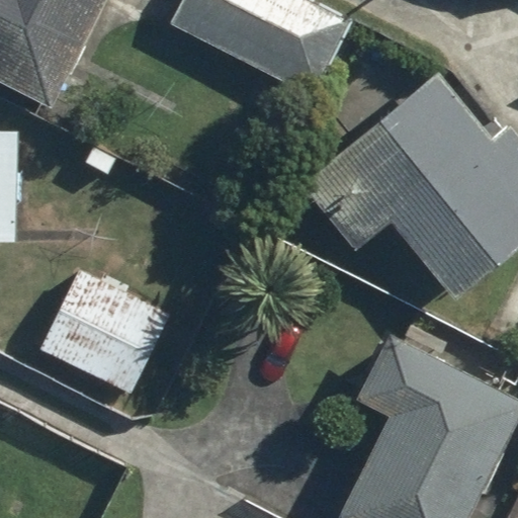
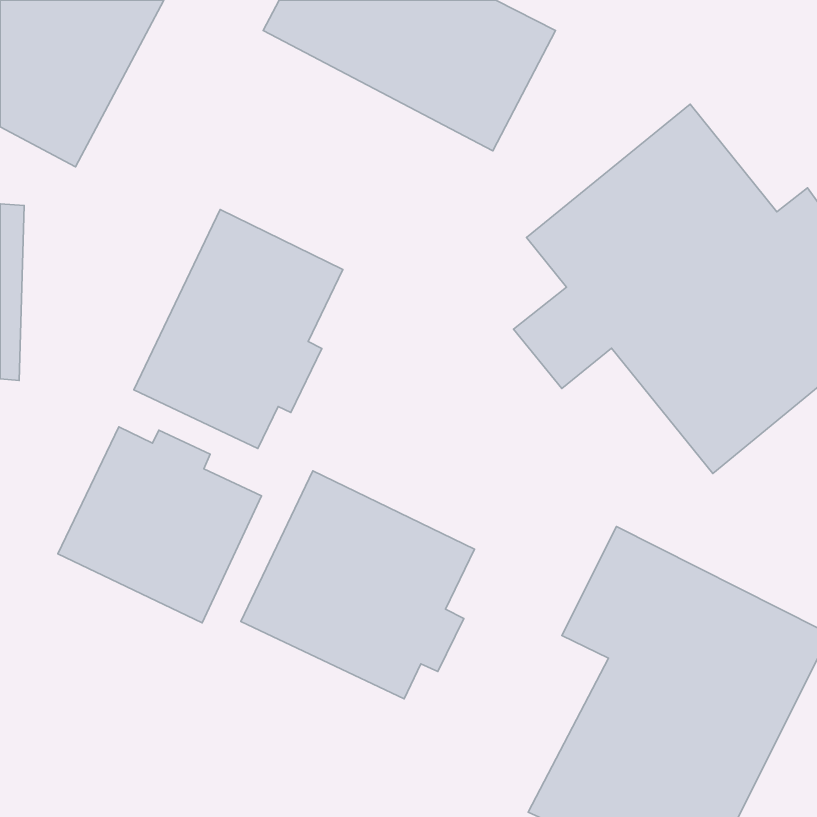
building: none -> [134,209,343,449]
building: none -> [241,471,475,699]

